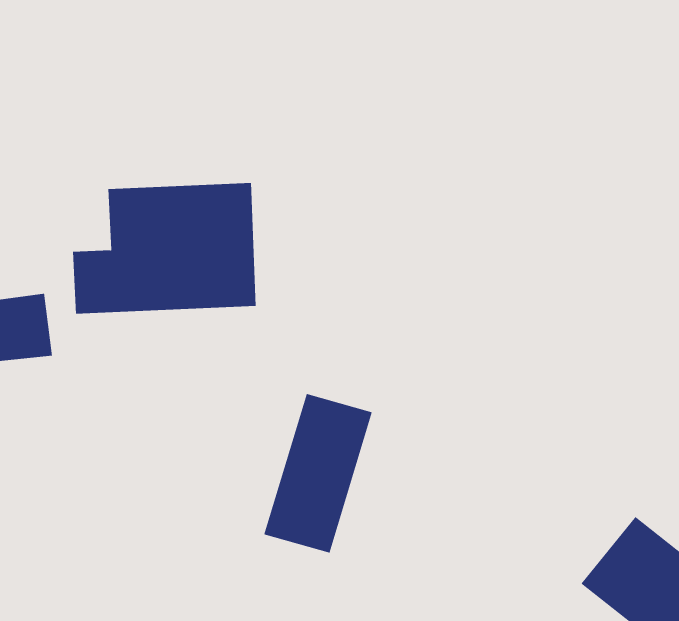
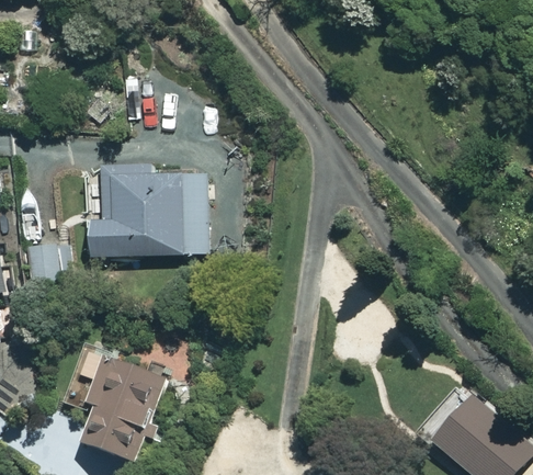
building: [264,393,372,553] -> none
building: none -> [60,331,170,463]

